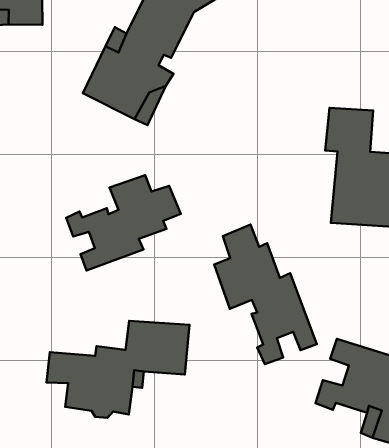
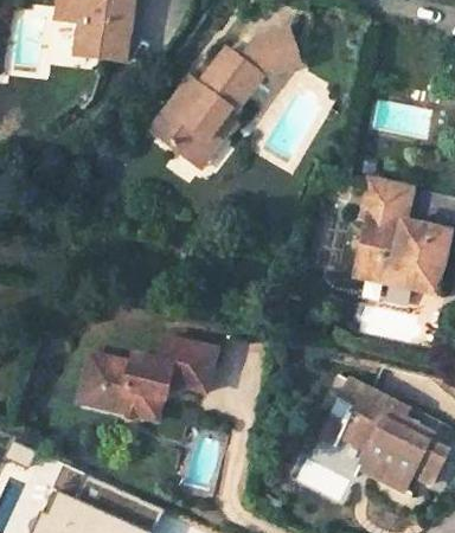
building: [66,175,181,270] -> none
building: [214,225,317,364] -> none

